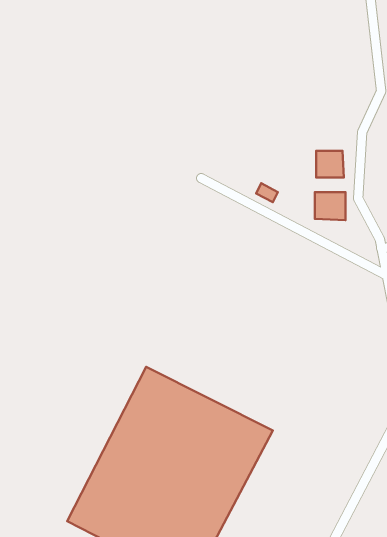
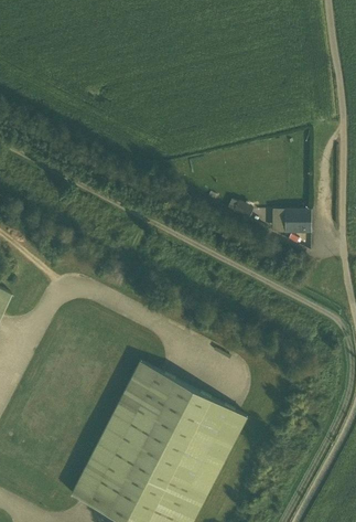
building: [316,151,344,177] -> none

